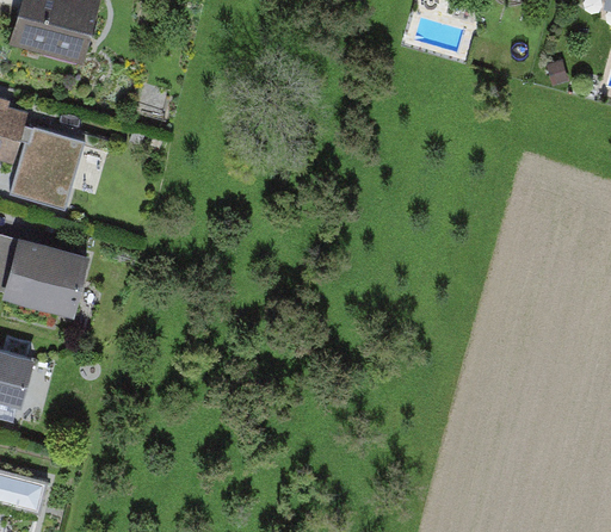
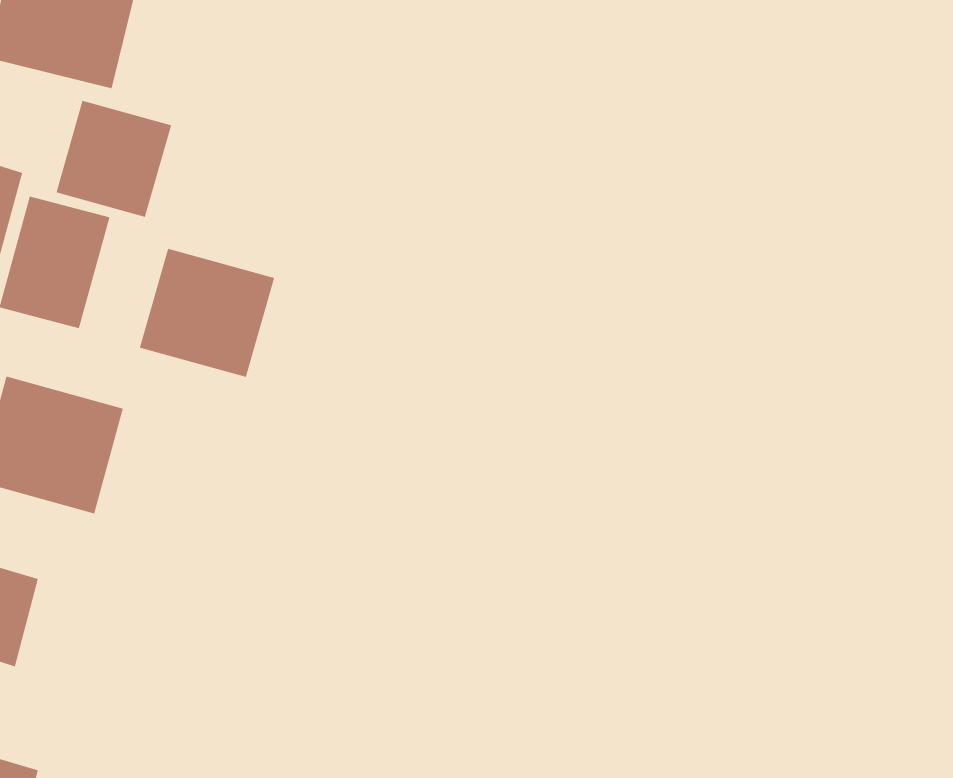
building: none -> [55,100,172,218]
building: none -> [139,248,275,378]

